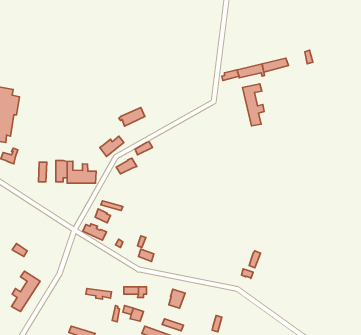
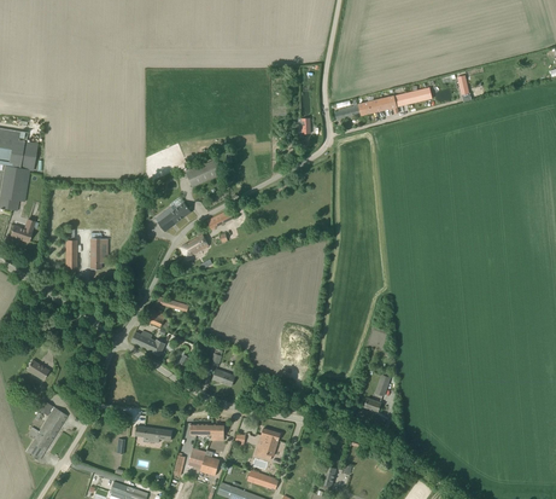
building: [242,84,264,126] -> none
building: [67,161,96,183] -> none

